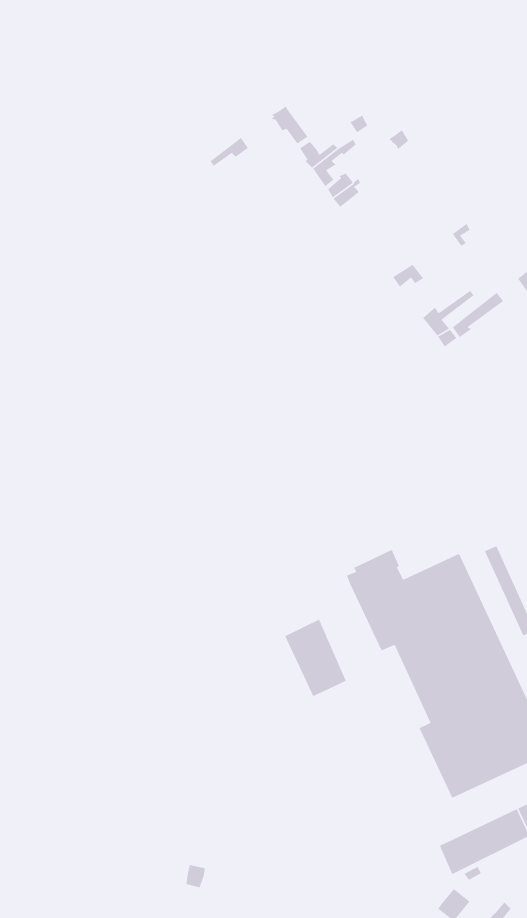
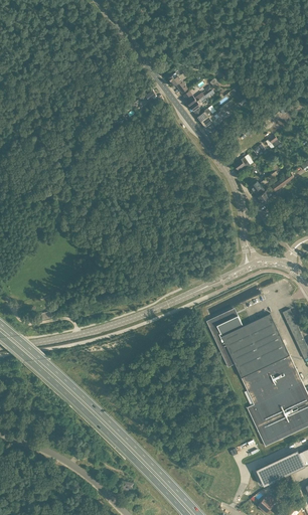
building: [284,618,347,697] -> none

